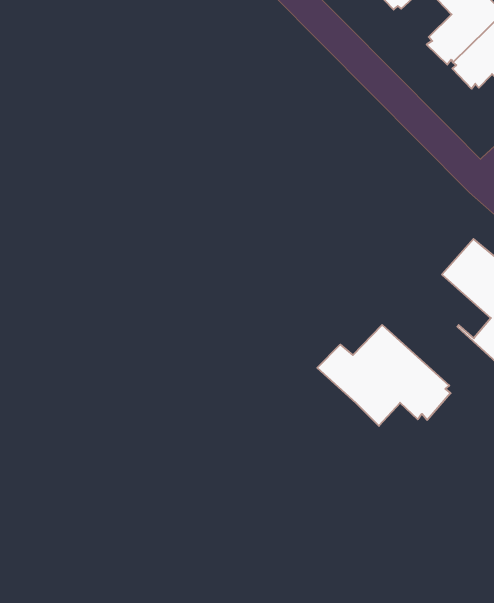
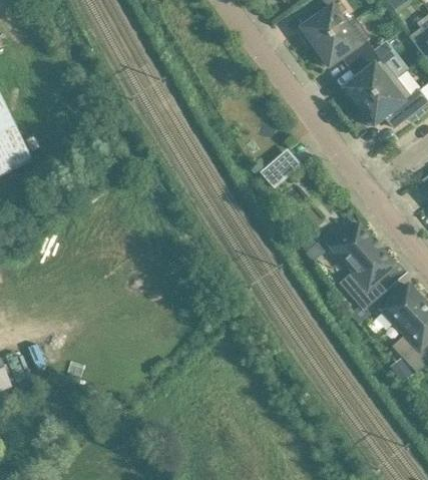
building: none -> [259,145,301,187]
building: [317,325,451,426] -> none

